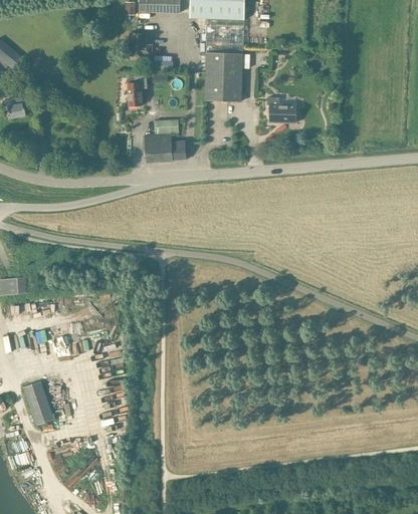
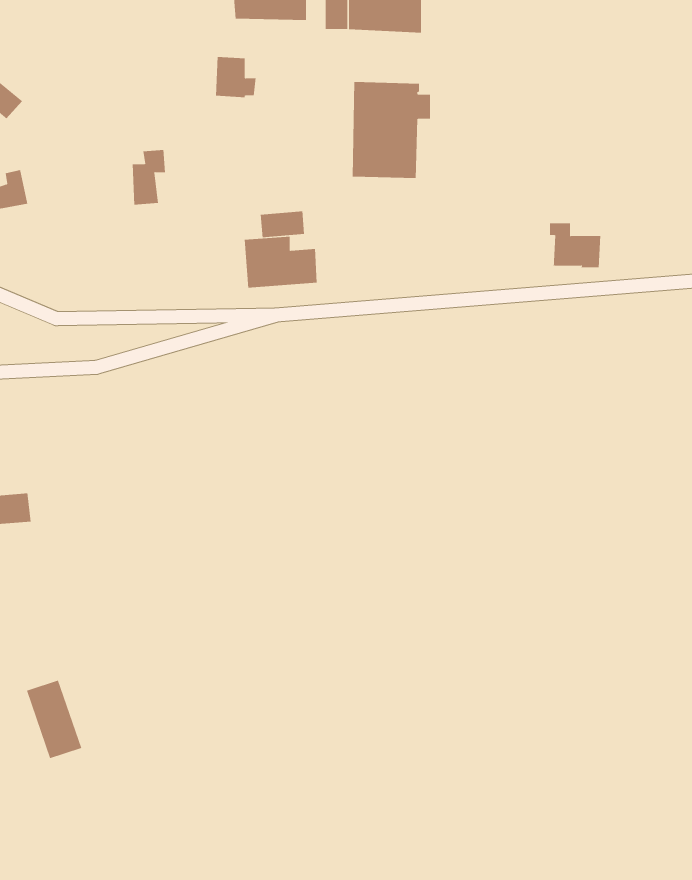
building: [205,20,244,48] -> none
building: [128,75,147,106] -> [132,149,166,205]
building: [267,97,296,122] -> [549,223,601,268]

